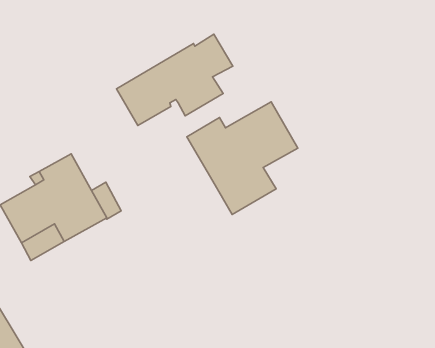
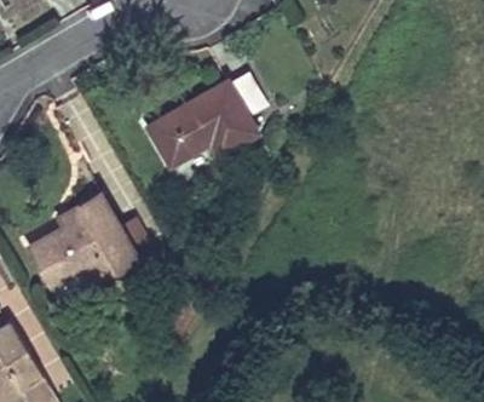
building: [187,102,298,214] -> none

